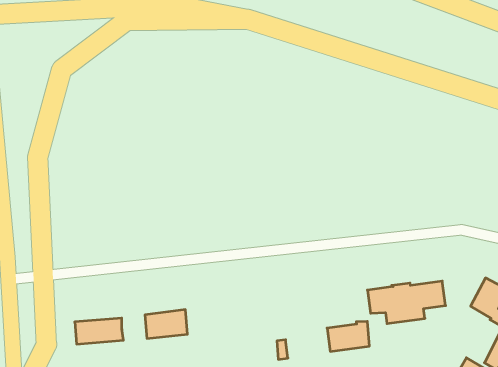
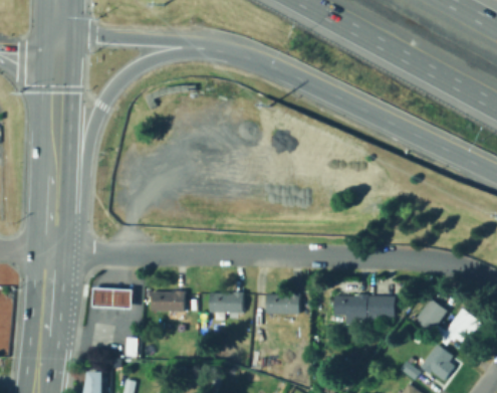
building: none -> [209,291,244,313]
building: [327,321,369,351] -> [266,292,299,314]

